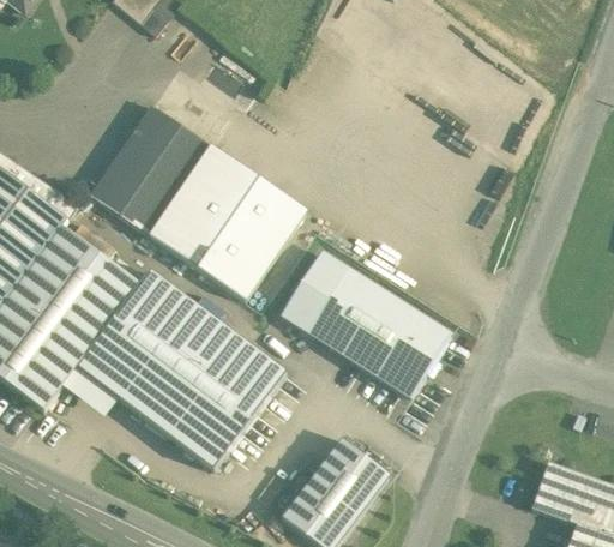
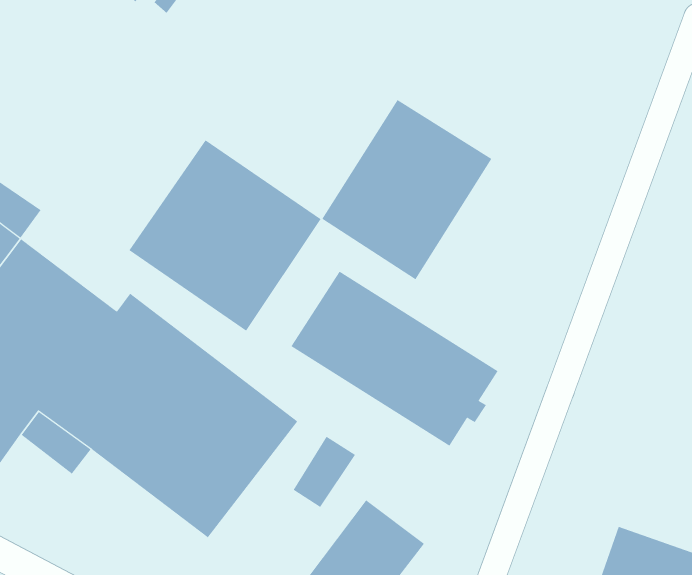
building: [89,103,211,235] -> none
building: none -> [322,99,492,280]
building: none -> [293,436,356,508]

